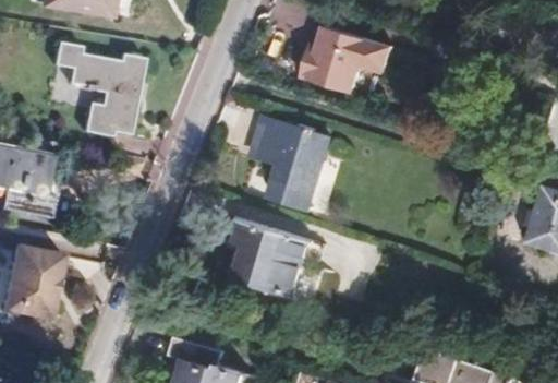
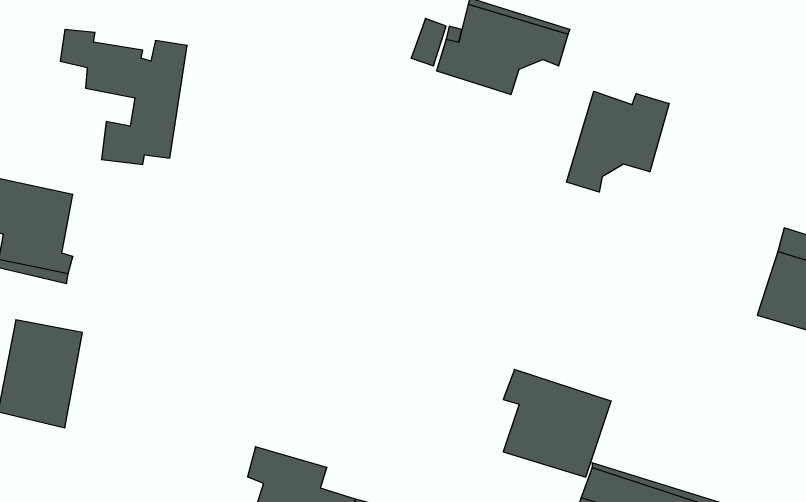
building: none -> [566,91,669,192]
building: [251,118,328,206] -> none
building: [236,218,311,292] -> [503,369,611,477]

